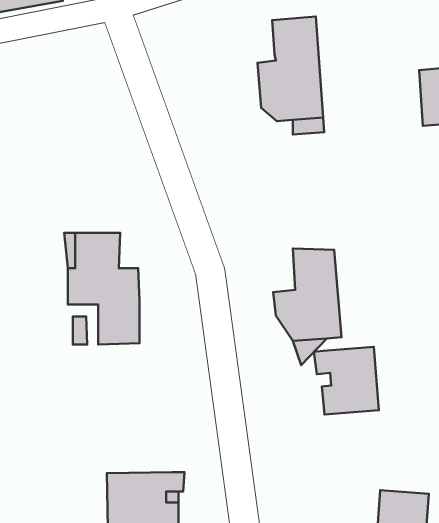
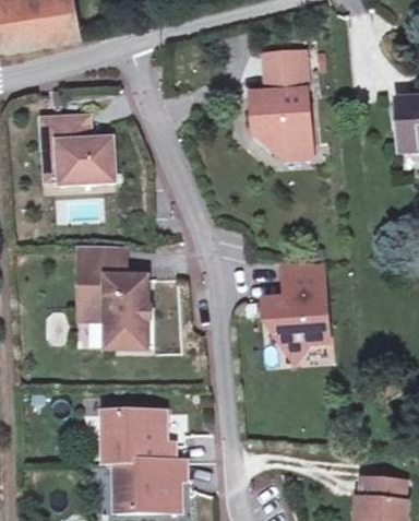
building: none -> [40,115,115,183]
building: [314,347,379,415] -> none
building: none -> [104,412,175,462]

